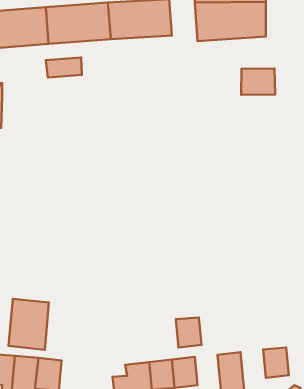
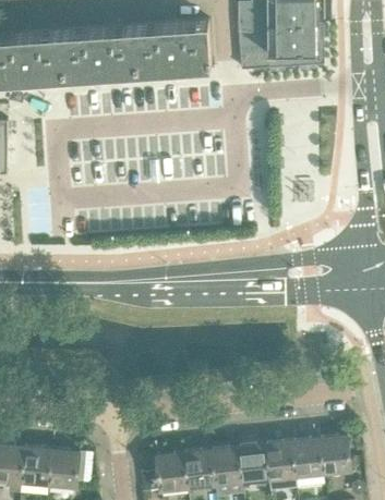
building: [46,58,82,77] -> none
building: [241,69,275,95] -> none
building: [9,299,49,350] -> none
building: [176,317,201,348] -> [237,444,267,480]
building: none -> [291,438,322,475]

